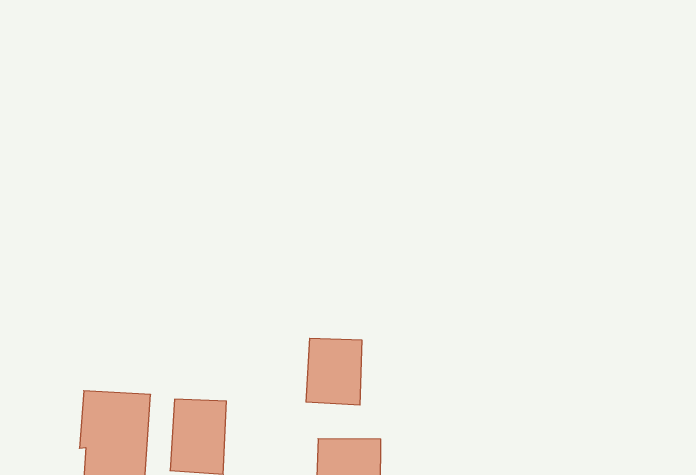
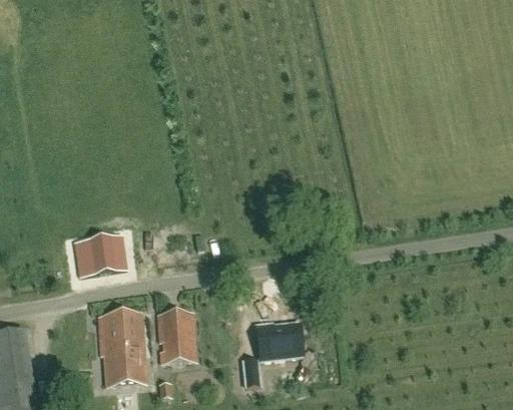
building: none -> [75,235,127,274]
building: [306,338,362,405] -> none

